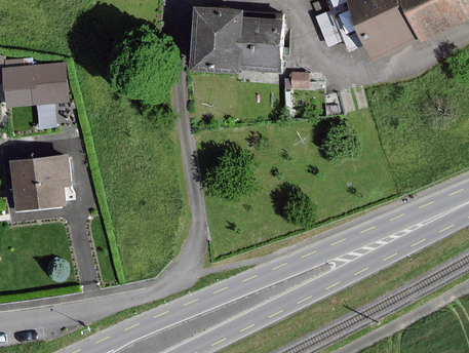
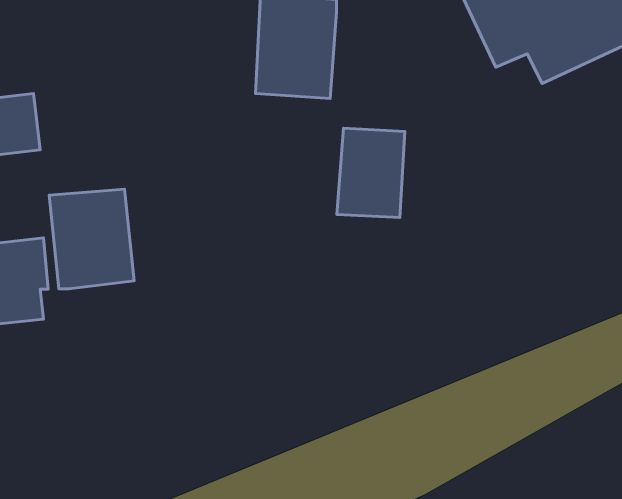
building: [244,14,286,70] -> [337,128,405,218]
building: none -> [49,189,134,289]

